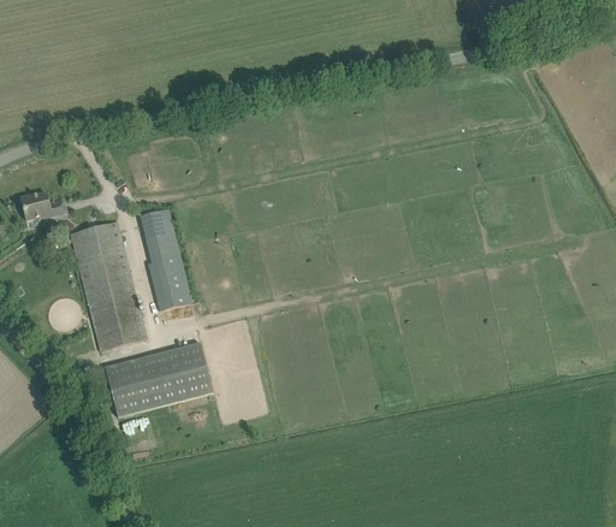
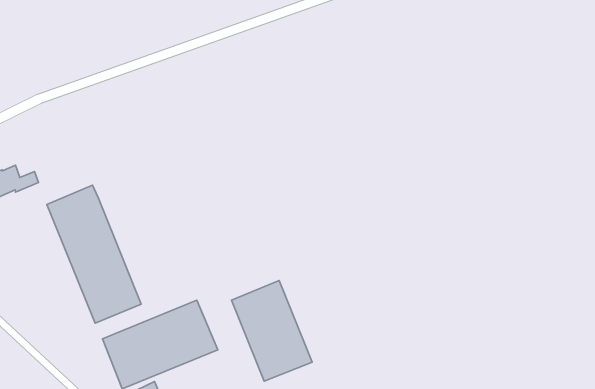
building: [140,209,191,310] -> none
building: none -> [232,281,312,381]

